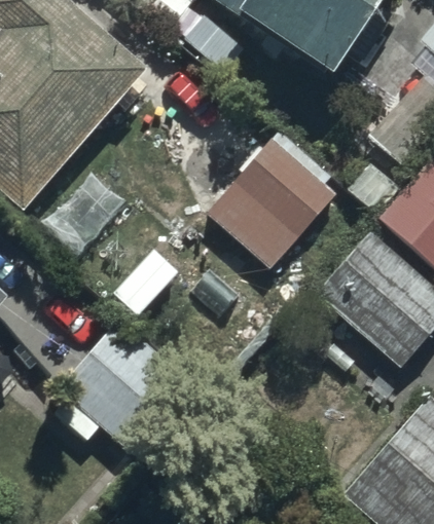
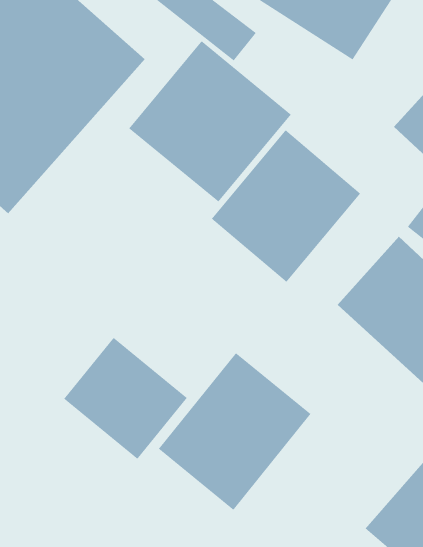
building: none -> [128,40,292,203]
building: none -> [158,352,312,511]

